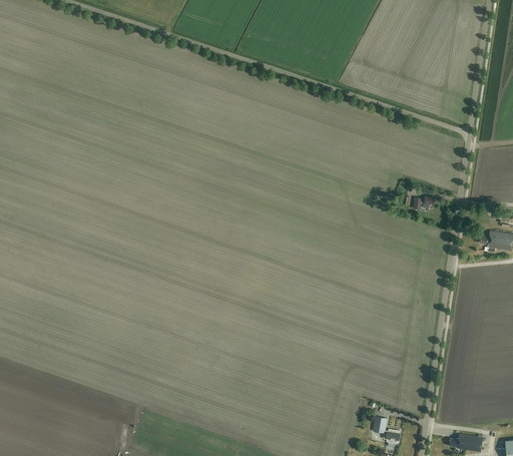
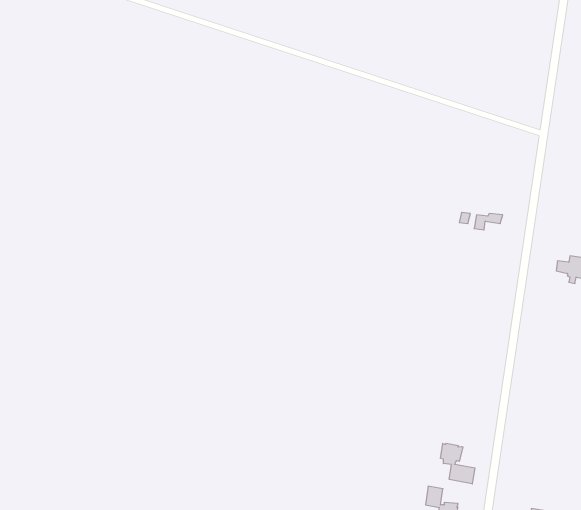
building: none -> [441,443,475,484]

